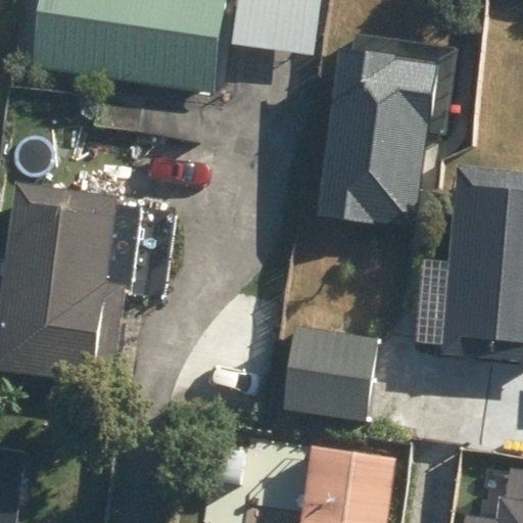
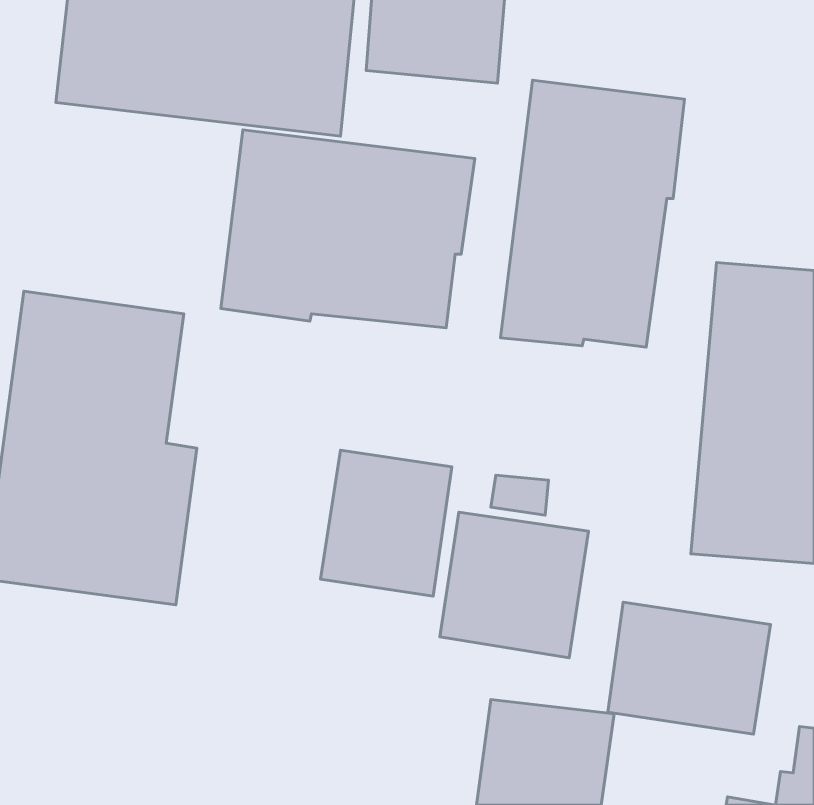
building: none -> [221,130,475,328]
building: none -> [320,450,452,596]
building: none -> [608,602,771,734]

